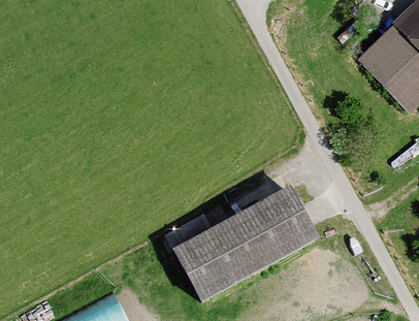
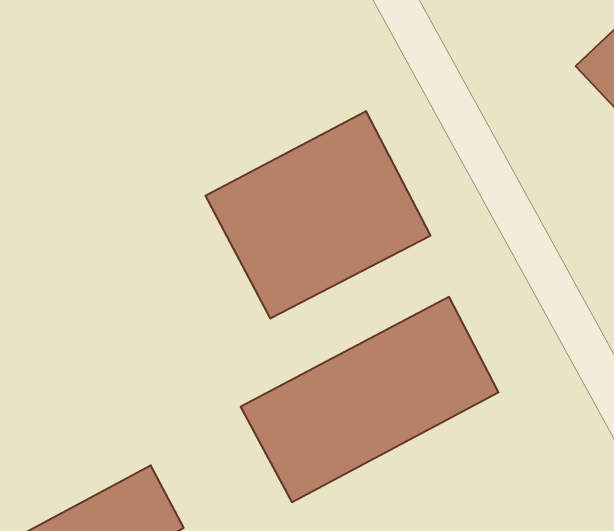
building: none -> [205,111,430,319]

